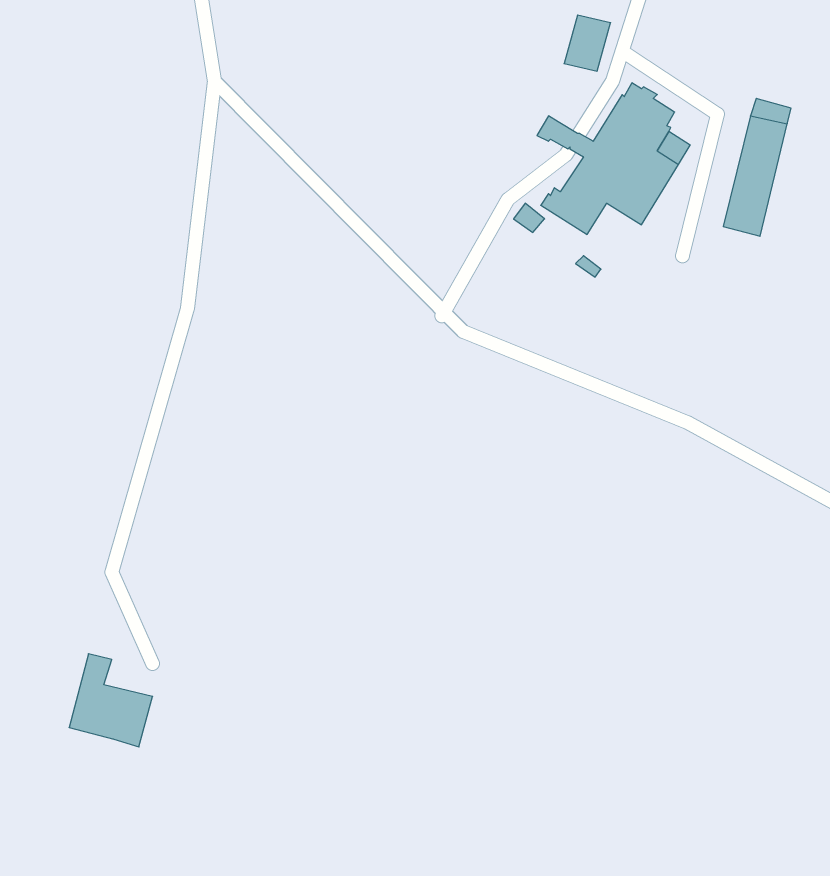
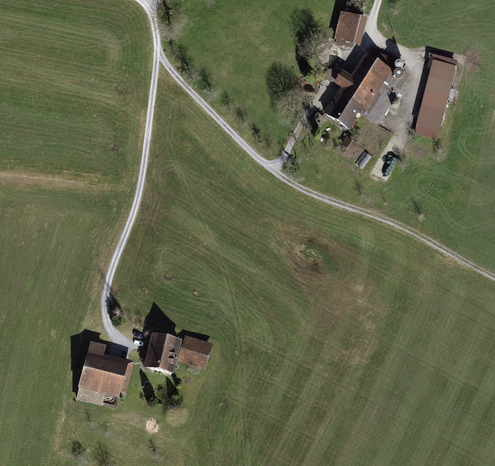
building: none -> [146,333,178,372]
building: none -> [179,338,209,364]
building: none -> [76,380,104,402]

